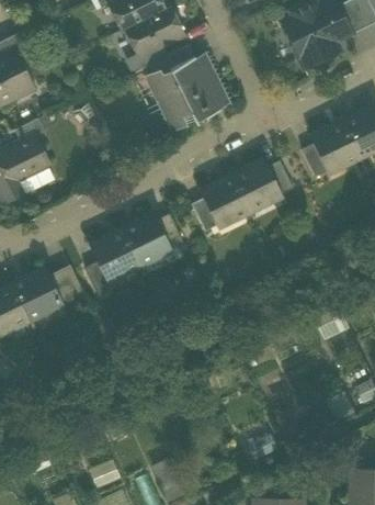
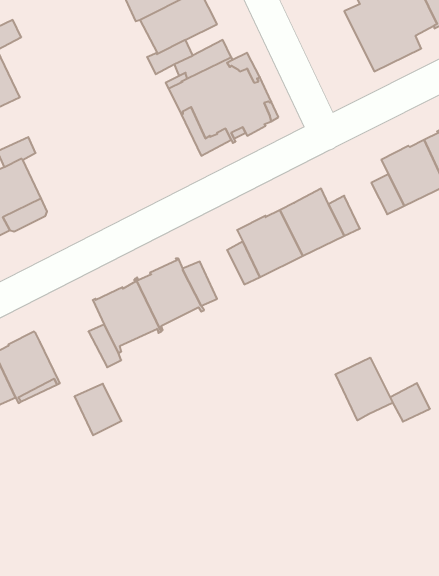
building: [47,268,83,307] -> [74,384,122,435]
building: none -> [335,358,393,420]

